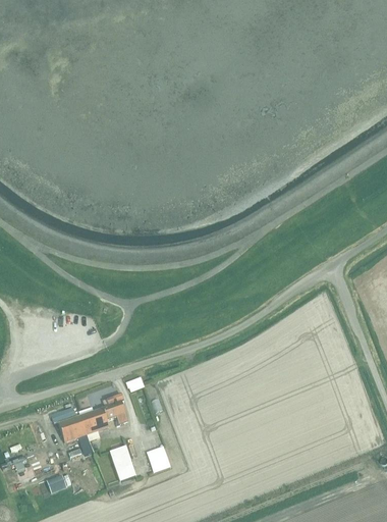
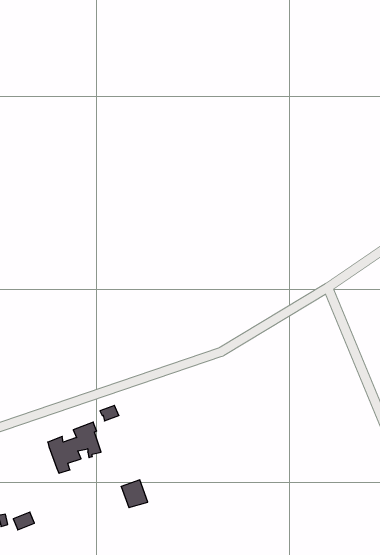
building: [58,415,87,441] -> none
building: [109,446,132,471] -> none

